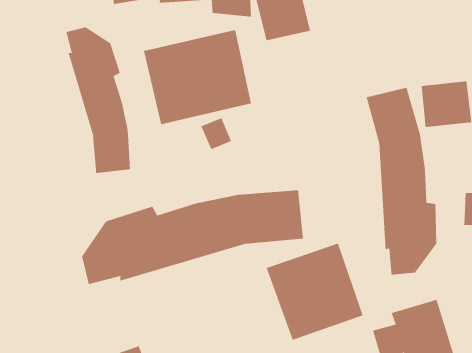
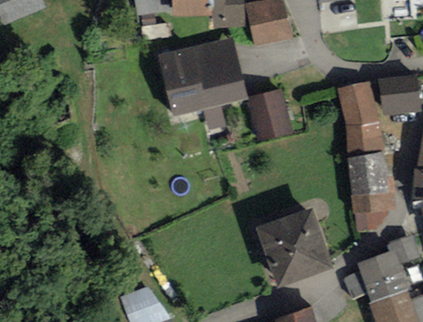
building: [66,26,131,174] -> none
building: none -> [248,86,290,137]
building: [81,190,304,285] -> none

